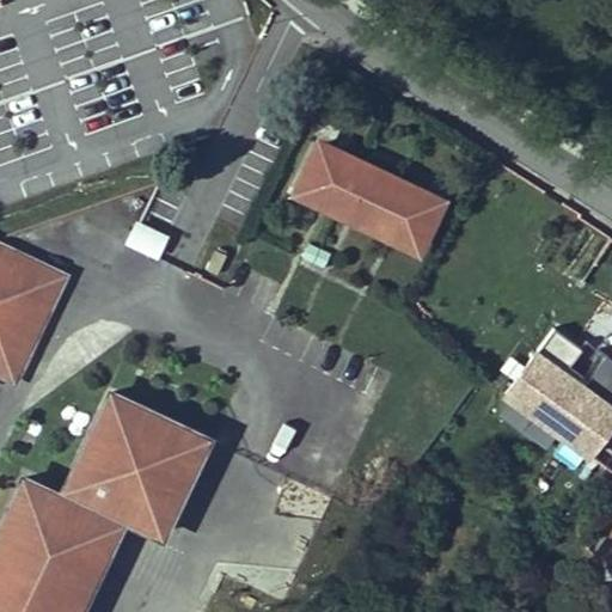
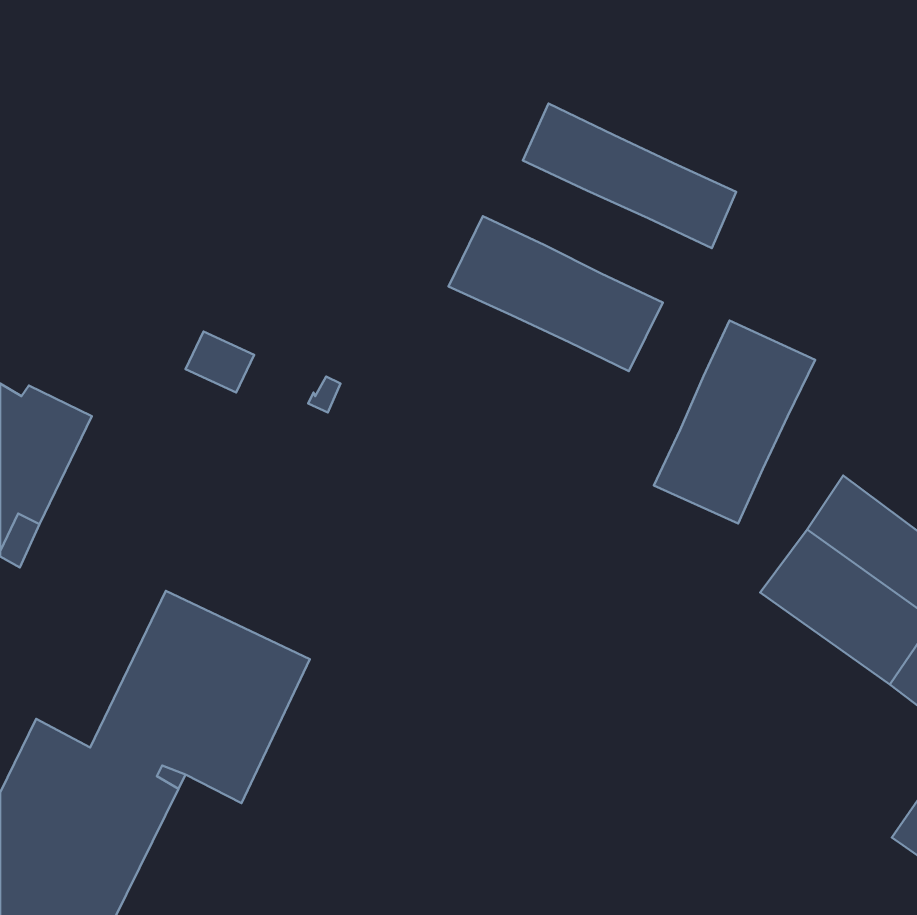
building: none -> [523,103,736,248]
building: none -> [654,321,815,523]

